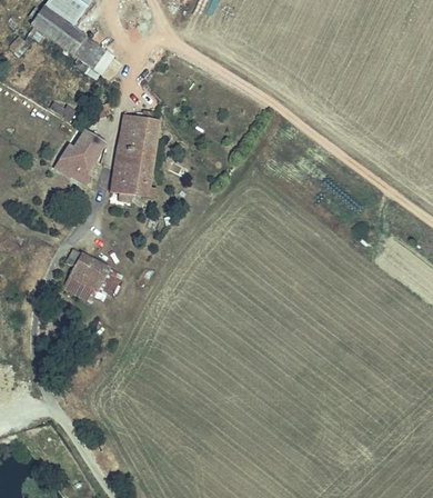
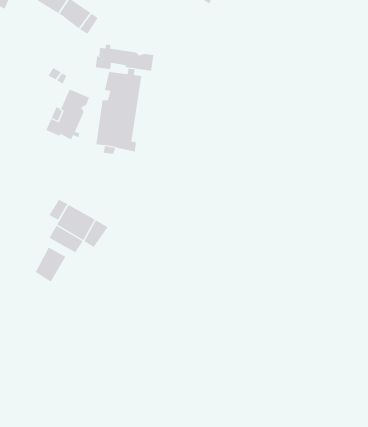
building: none -> [95,43,154,71]
building: none -> [34,247,66,282]

